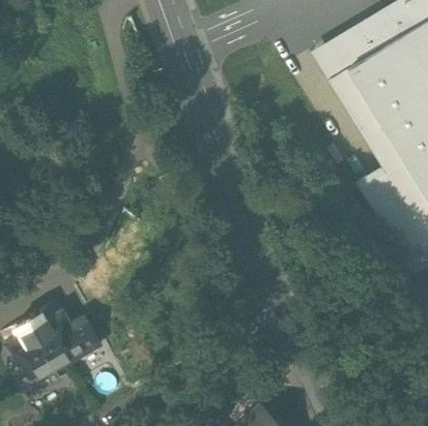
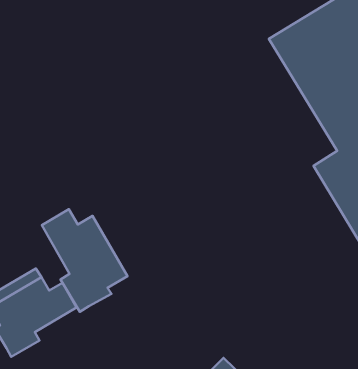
building: none -> [42,209,127,312]

